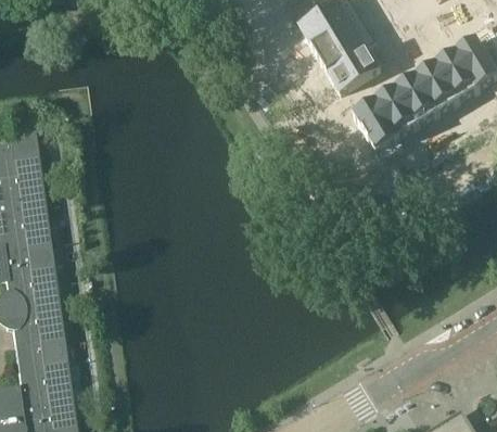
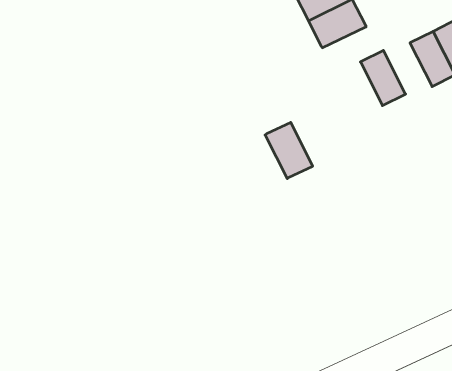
building: [393,75,436,125] -> none
building: [352,100,396,150] -> [265,122,313,179]

